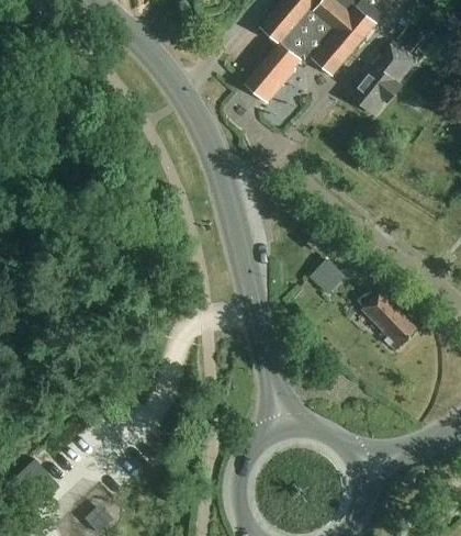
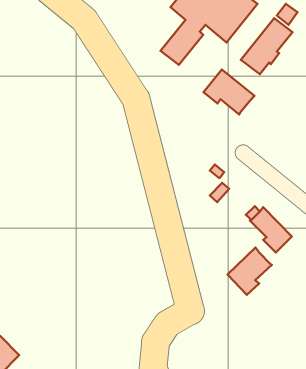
building: none -> [203,70,255,115]
building: none -> [228,248,272,295]

